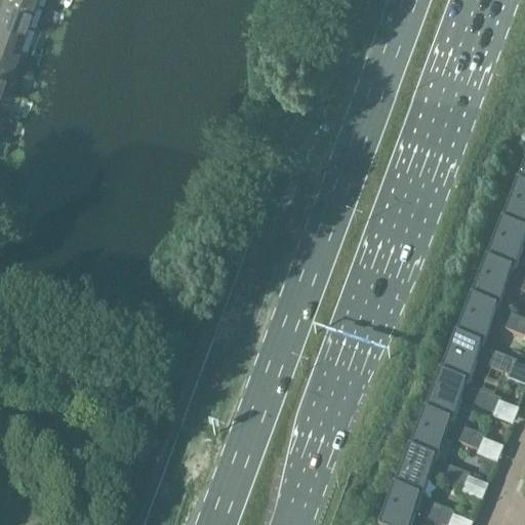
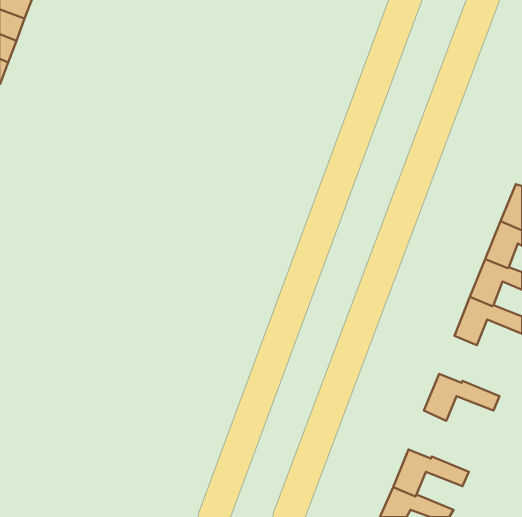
building: [440,336,516,383] -> none
building: [409,411,485,459] -> none

